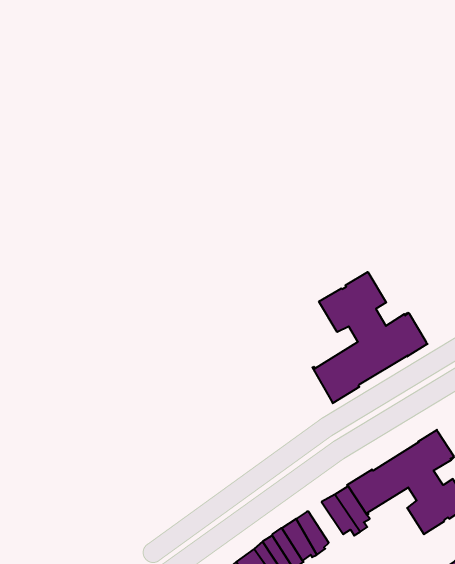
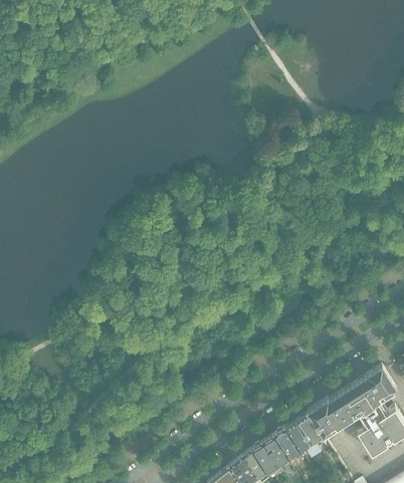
building: [312,272,428,403] -> none
building: none -> [273,427,302,466]

